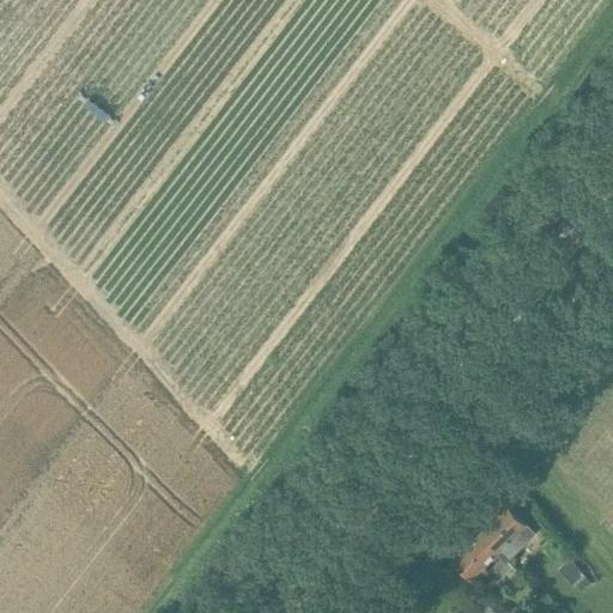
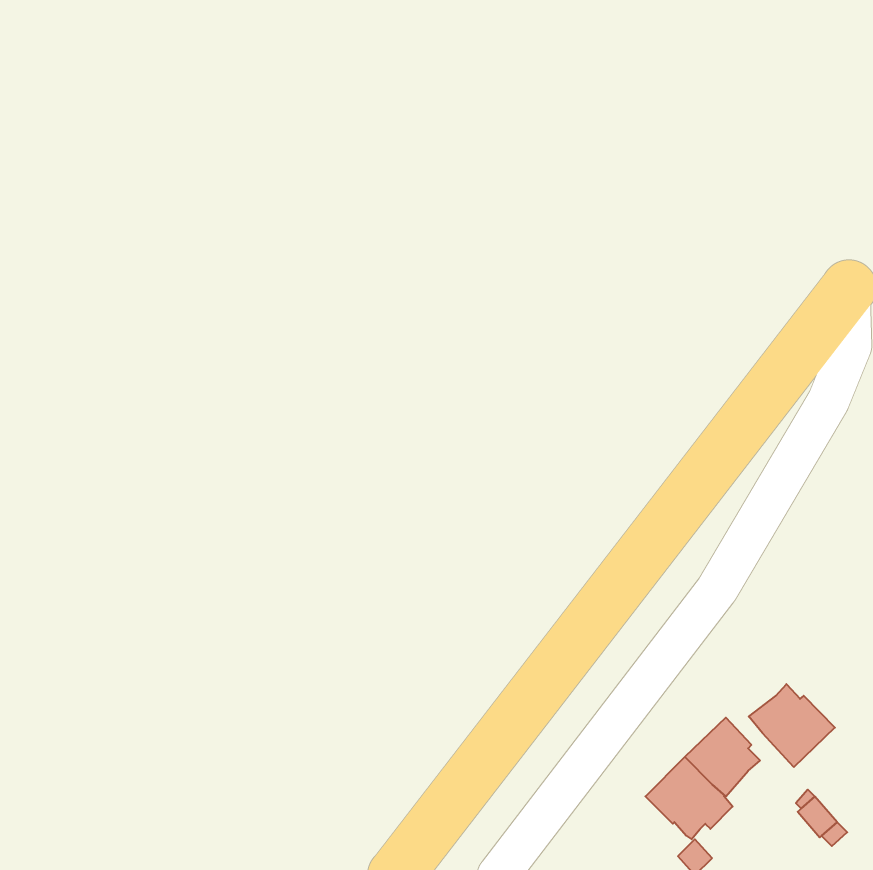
building: none -> [749,684,835,767]

